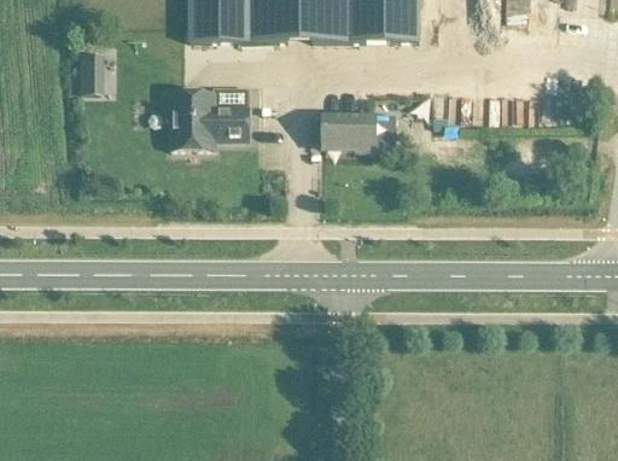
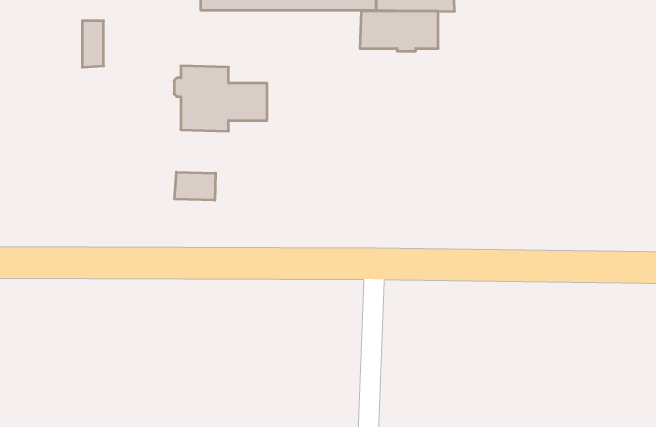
building: [323,113,395,150] -> [360,11,438,51]
building: none -> [175,172,216,200]

